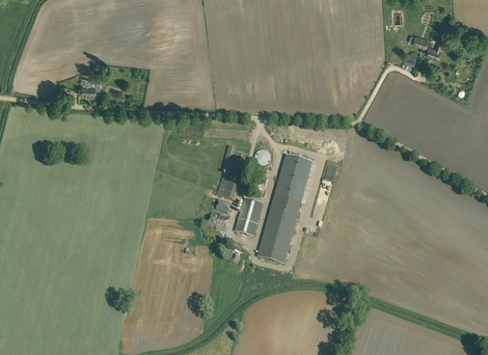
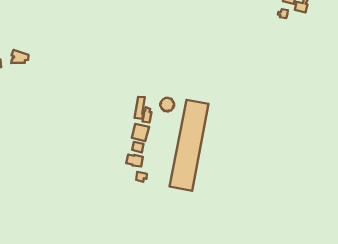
building: [234,197,262,237] -> none

